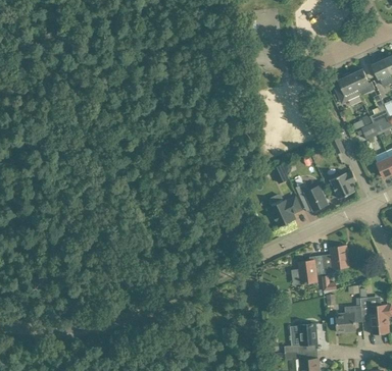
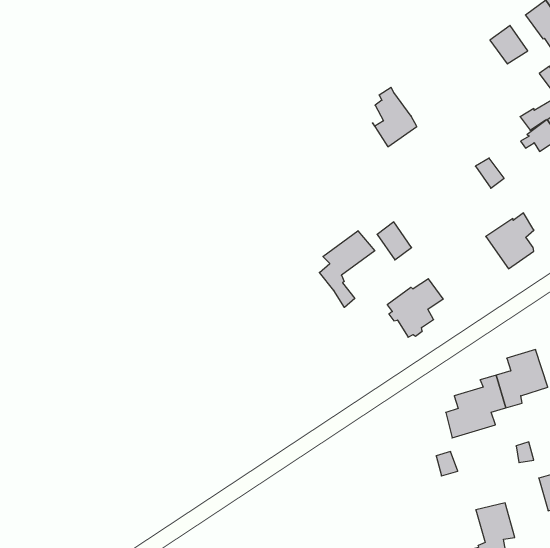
building: [335,71,358,103] -> [372,87,417,147]
building: none -> [319,231,375,307]
building: [295,182,327,210] -> none

